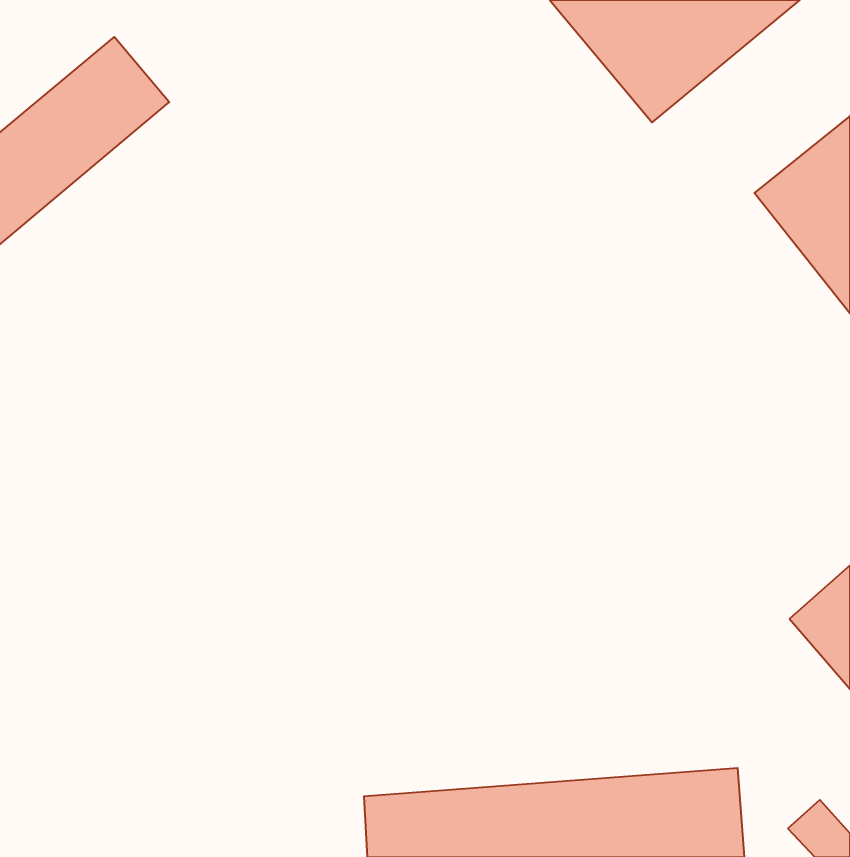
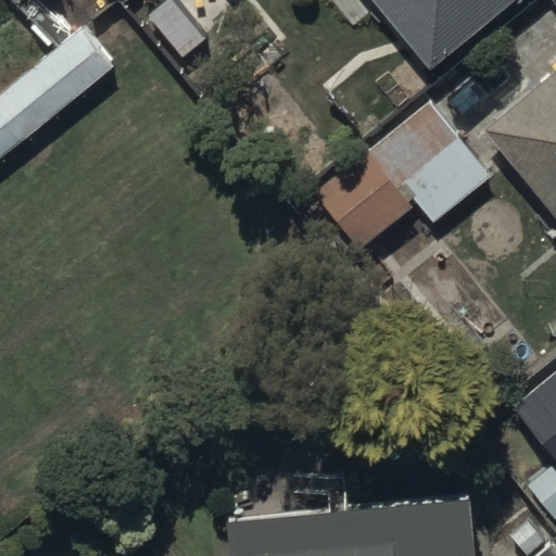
building: none -> [319,97,498,244]

